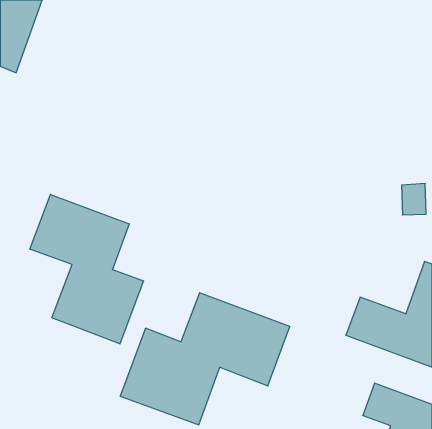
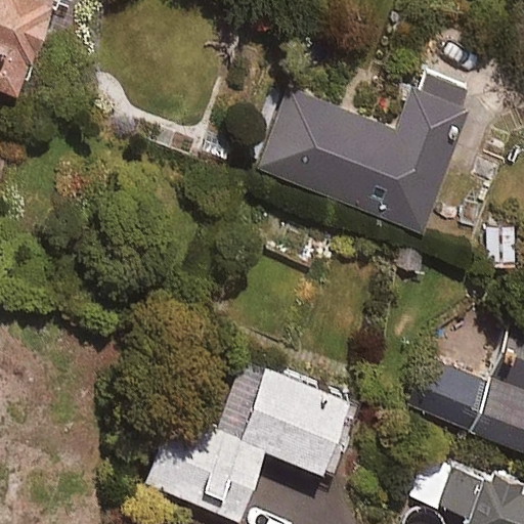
building: none -> [258,74,474,234]
building: [30,194,143,344] -> none

